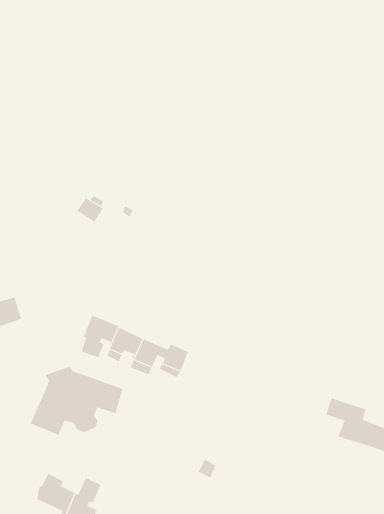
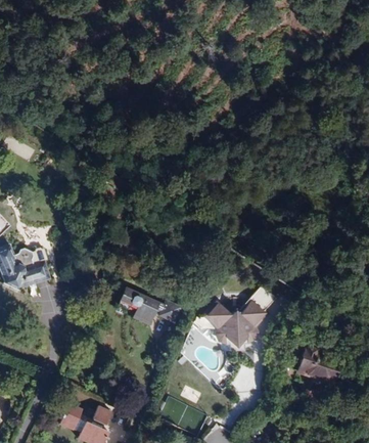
building: [81,315,119,358] -> none
building: none -> [205,283,276,344]
building: [30,366,123,436] -> none

